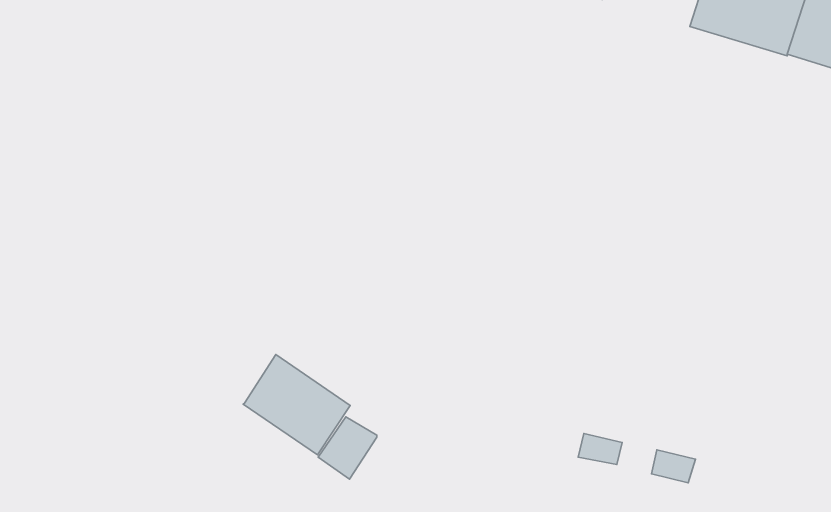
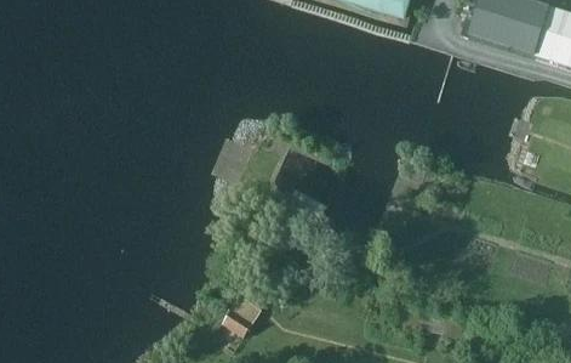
building: [243,355,350,455] -> none

